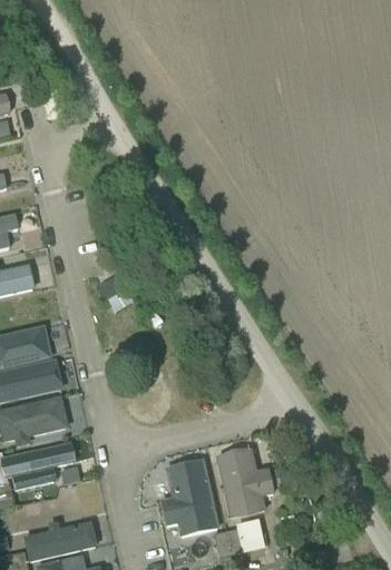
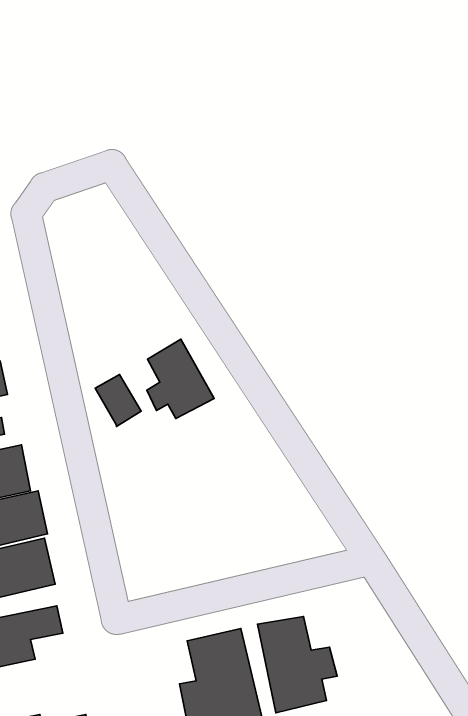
building: none -> [147,339,214,419]

